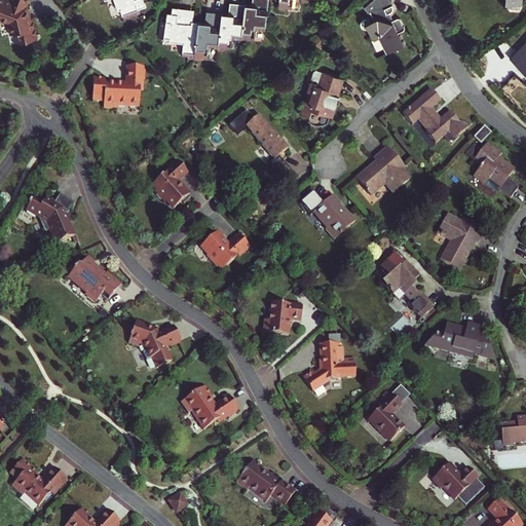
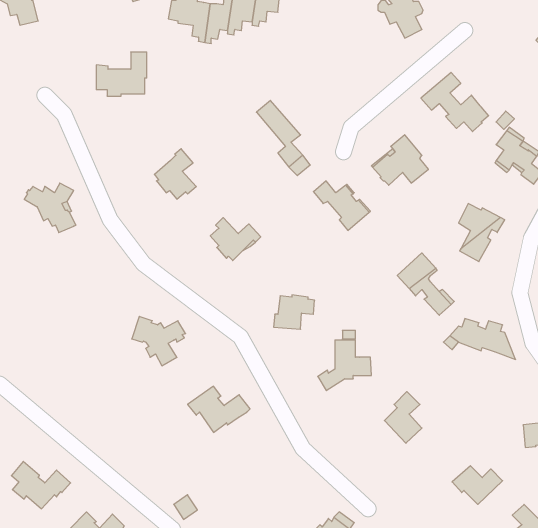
building: [304,68,347,120] -> none
building: [67,255,120,300] -> none
building: [236,458,296,504] -> none

